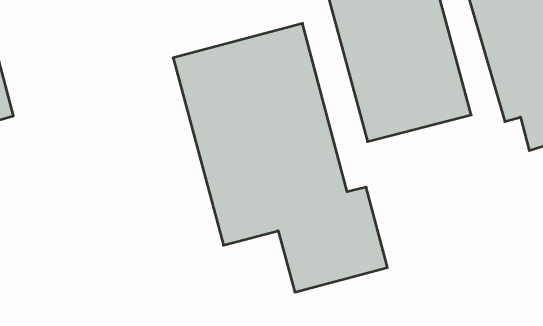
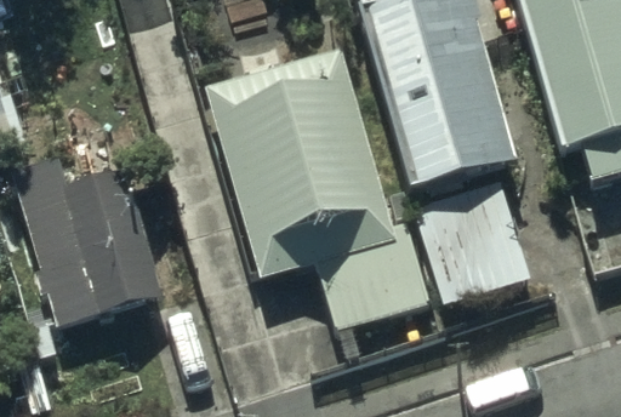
building: none -> [17,153,171,316]
building: none -> [411,183,529,305]

